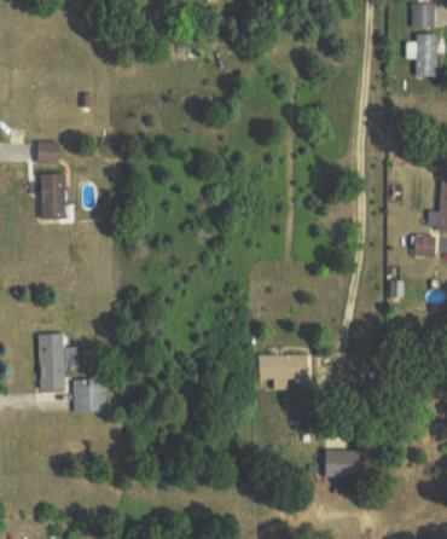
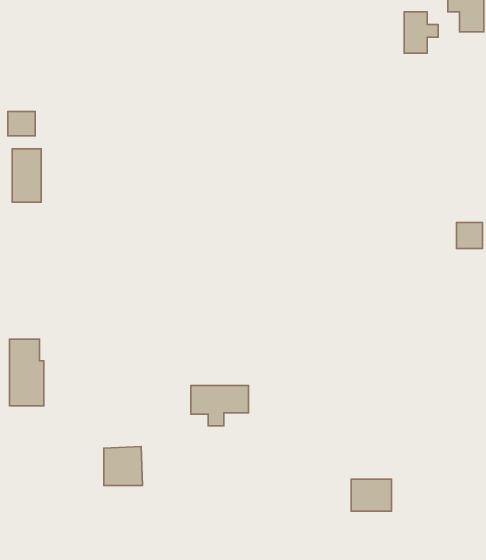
building: none -> [404,12,438,53]
building: [259,355,307,389] -> [191,385,248,426]
building: [72,379,105,412] -> [104,447,143,486]

